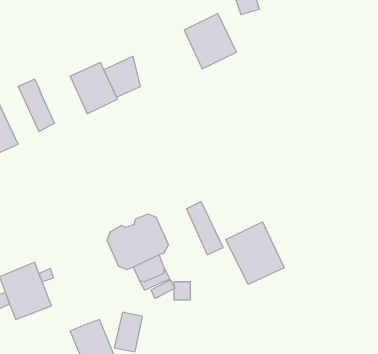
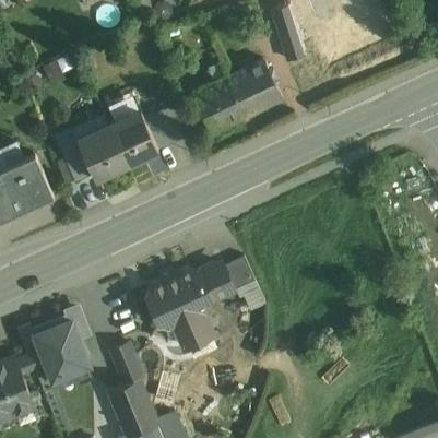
building: none -> [192,76,246,132]
building: none -> [76,125,126,178]
building: none -> [198,263,234,300]
building: [226,222,284,284] -> none
building: none -> [109,343,142,384]

